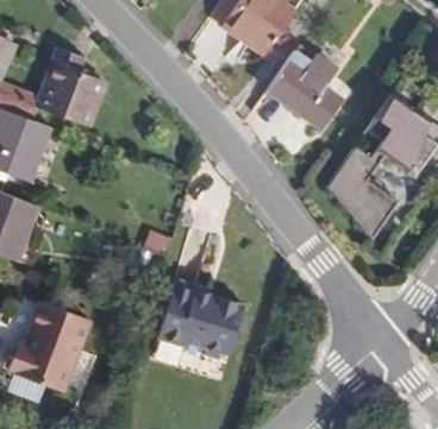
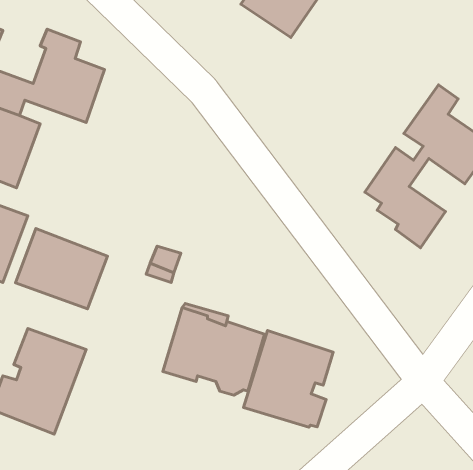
building: [265,51,344,131] -> none
building: none -> [16,228,108,309]
building: none -> [243,331,333,427]

